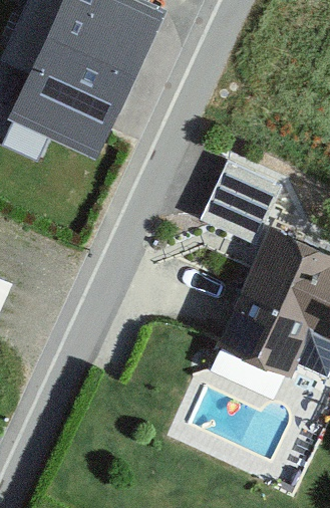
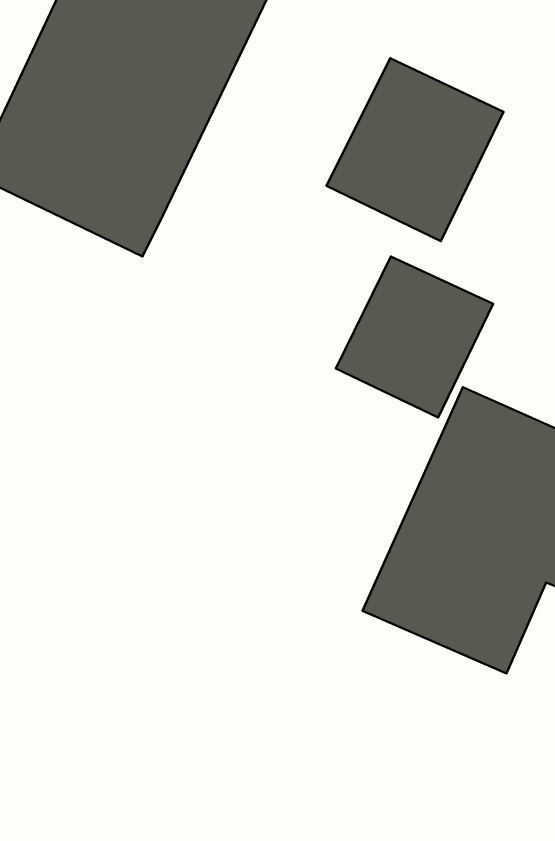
building: none -> [326,58,503,241]

